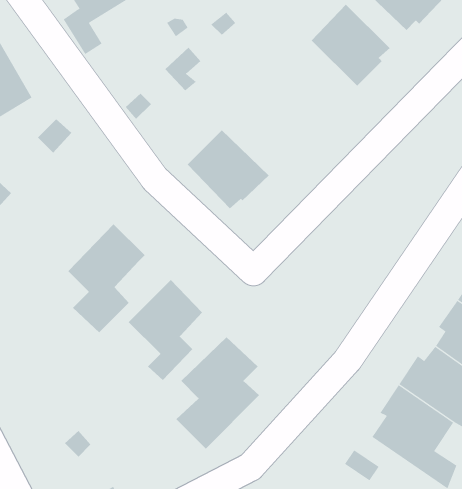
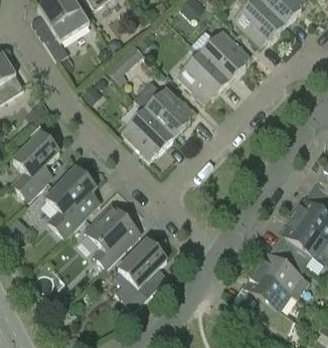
building: none -> [177,52,229,103]
building: none -> [135,83,194,138]
building: none -> [12,133,59,200]

